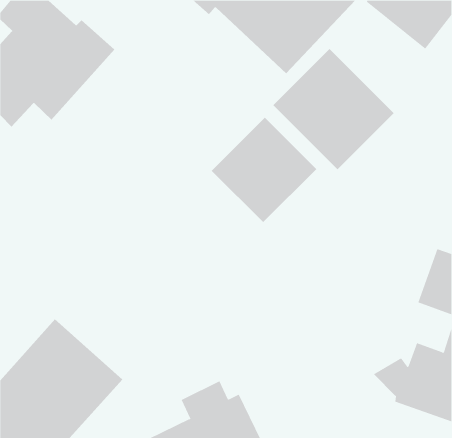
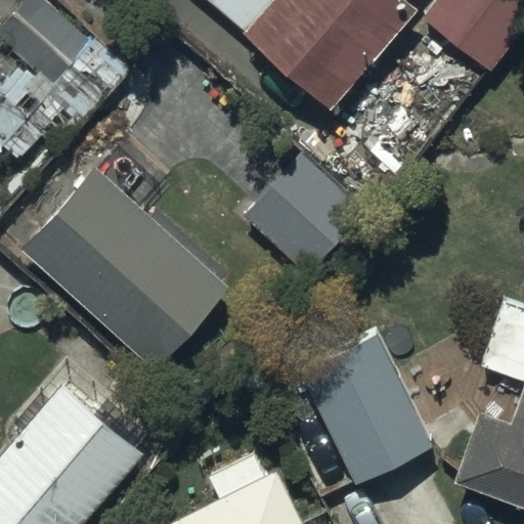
building: [272,48,395,170] -> none
building: none -> [23,169,227,367]
building: none -> [300,332,434,481]

